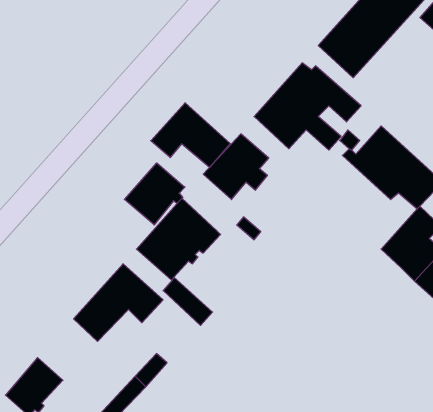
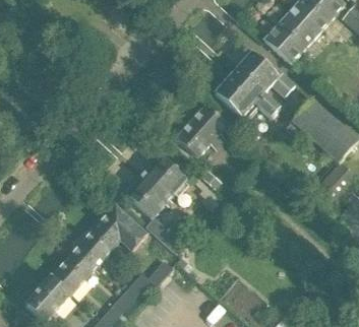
building: [151,103,230,167] -> none
building: [124,163,185,225] -> none
building: none -> [50,246,96,292]

